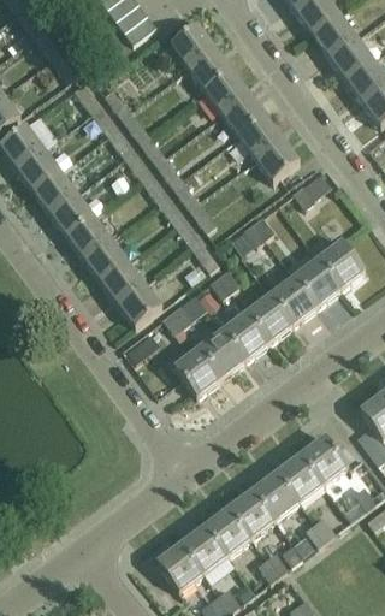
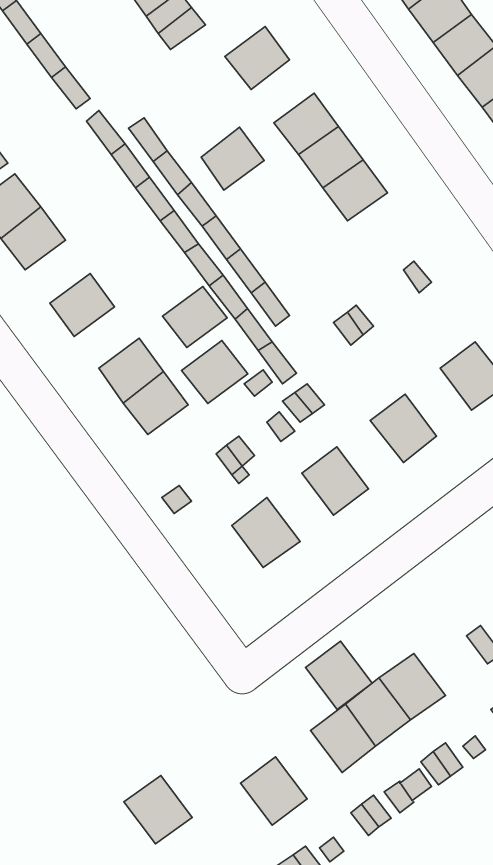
building: [188,47,231,90] -> [201,127,264,190]
building: [254,138,298,182] -> none
building: [32,171,77,214] -> none
building: [66,217,111,259] -> [162,286,227,348]
building: [294,259,339,306] -> none
building: [117,284,162,327] -> [181,341,248,404]
building: [247,295,292,342] -> none
building: [199,331,244,378] -> none
building: [300,436,346,484] -> none
building: [205,508,250,555] -> [306,641,372,710]
building: [155,544,202,591] -> [124,775,192,844]

